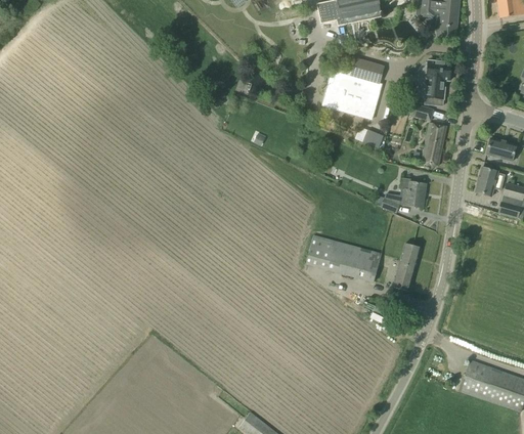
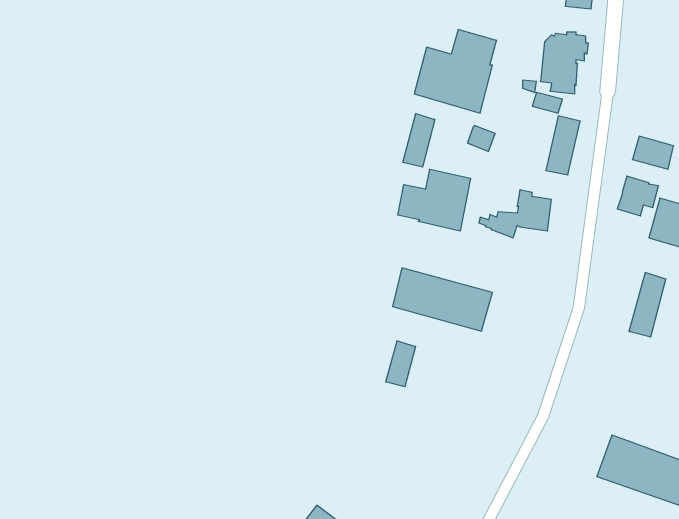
building: none -> [403,114,435,167]
building: none -> [398,169,471,231]
building: [392,242,420,290] -> [629,272,666,337]
building: none -> [386,341,416,387]

